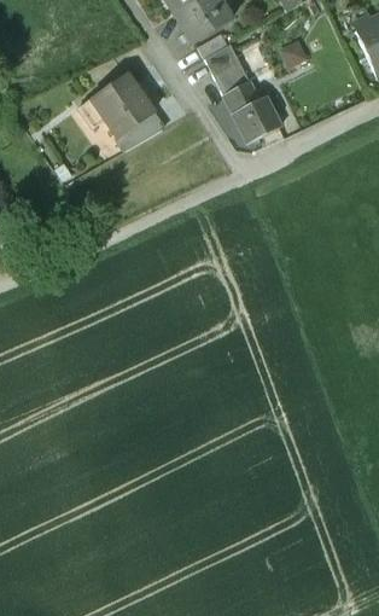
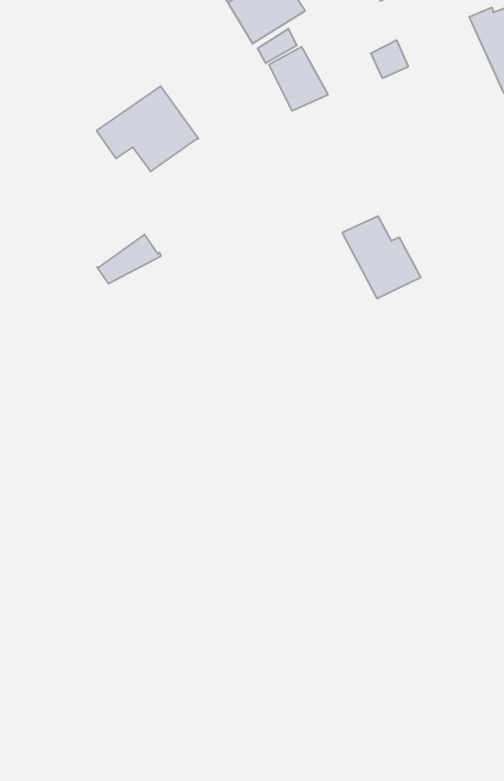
building: [222,80,280,140] -> [342,216,421,298]
building: [117,112,164,149] -> [97,234,161,284]

